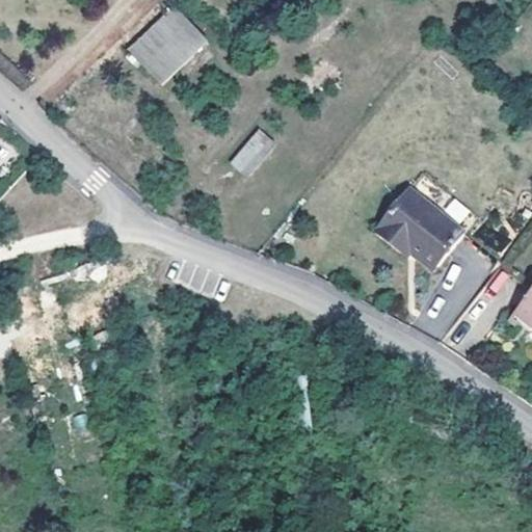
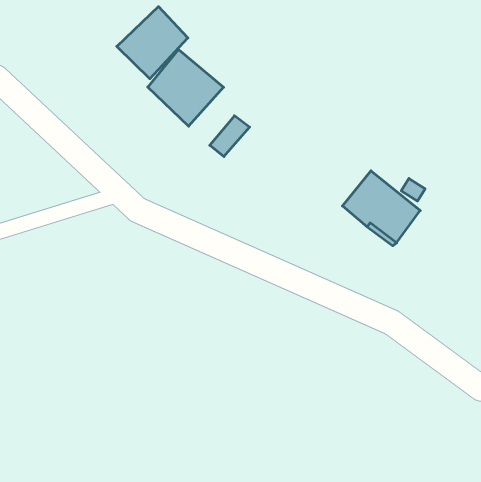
building: none -> [148,50,224,126]

